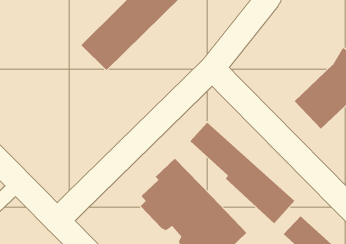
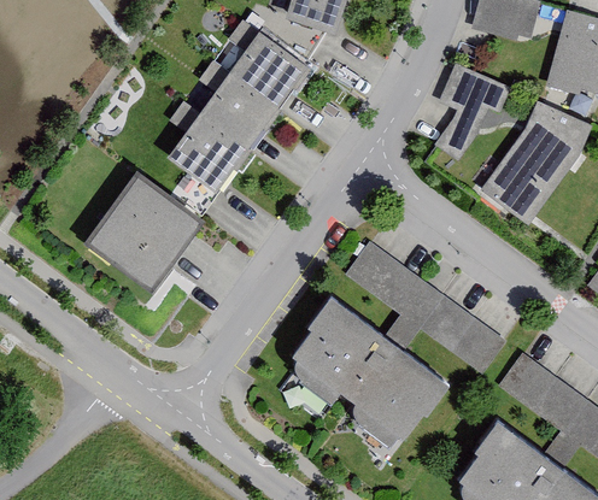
building: none -> [441,70,504,149]
building: none -> [80,178,195,294]

